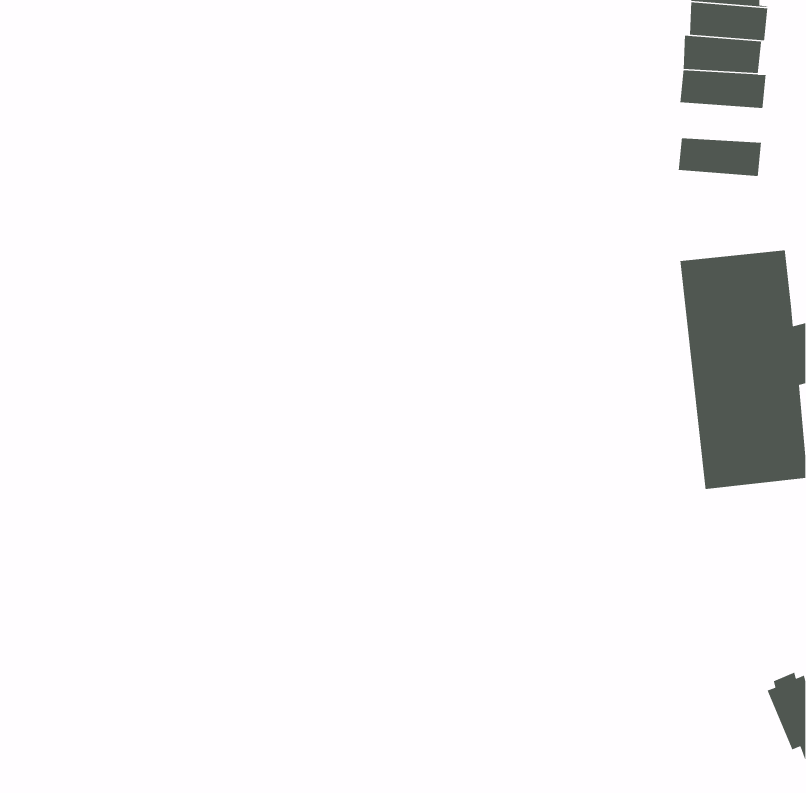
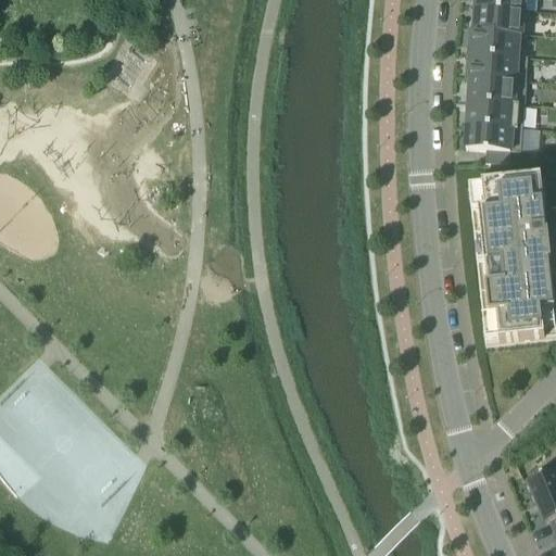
building: none -> [467,71,525,98]
building: none -> [465,117,521,159]

